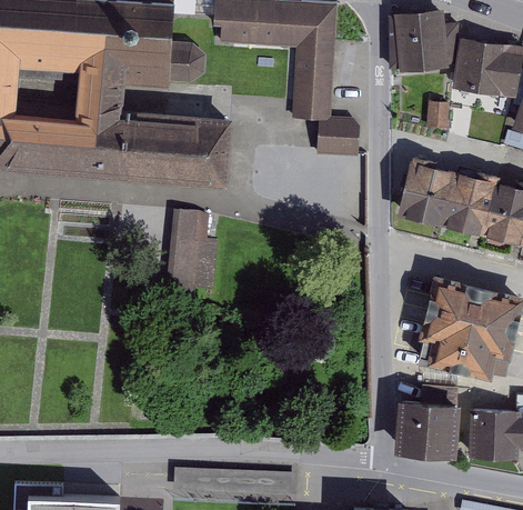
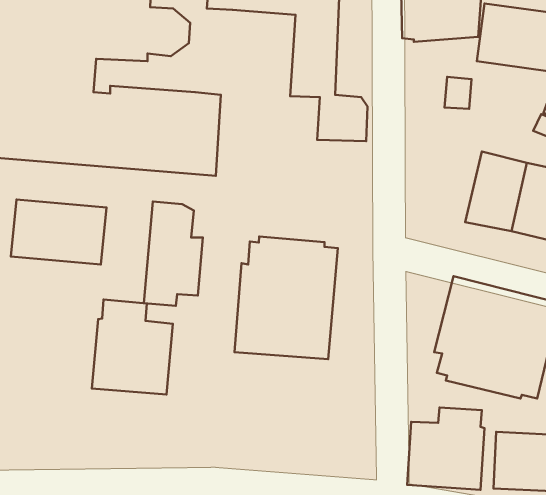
building: [396,157,457,228] -> none
building: none -> [11,199,106,265]
building: none -> [234,236,338,359]
building: none -> [92,300,173,395]

